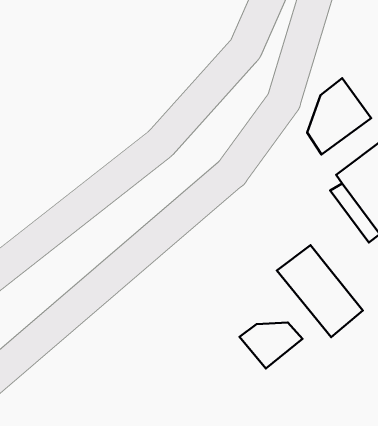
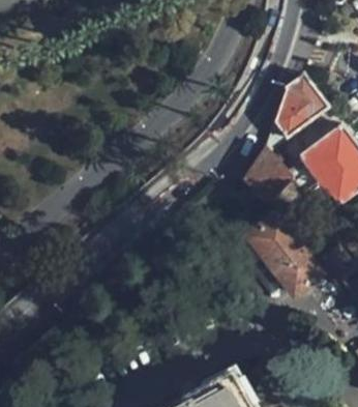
building: none -> [244,143,288,200]
building: [240,322,302,369] -> none

